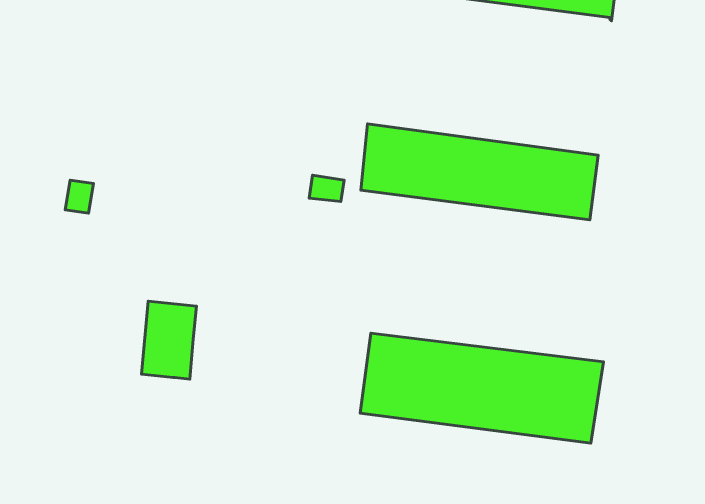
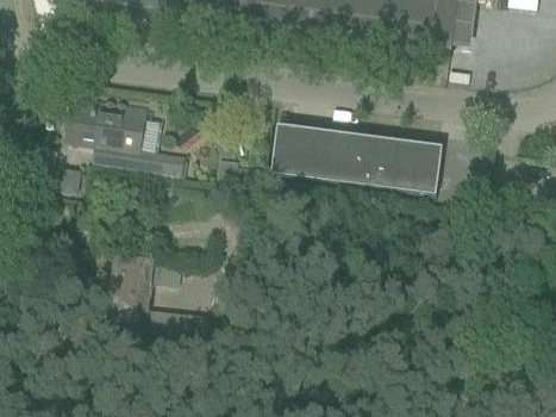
building: none -> [68,94,188,169]
building: [360,333,604,443] -> none

